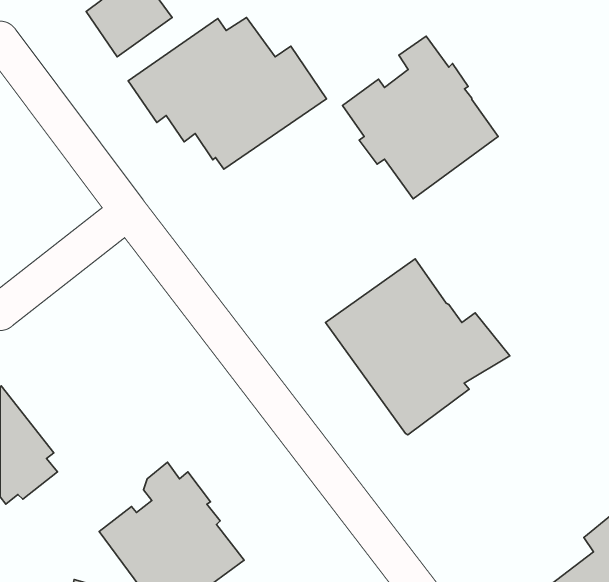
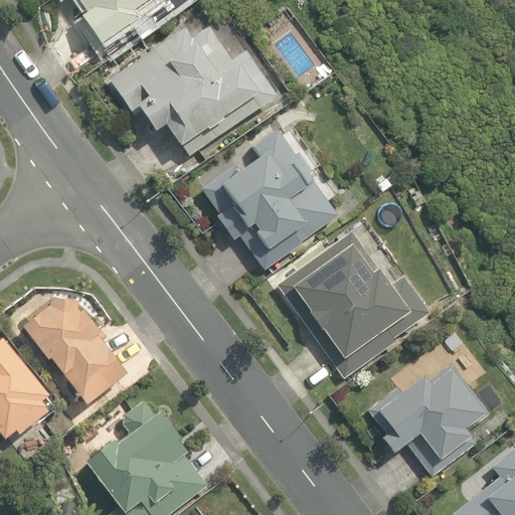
building: [343,36,498,199] -> [206,130,337,267]
building: none -> [23,297,128,402]
building: none -> [369,365,486,476]

